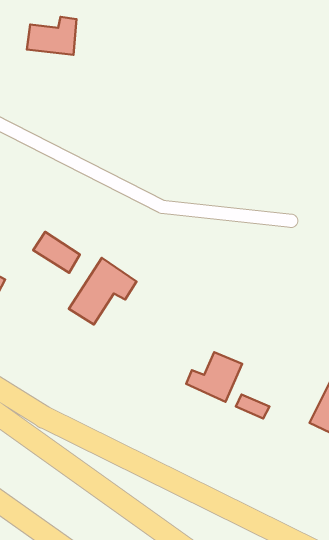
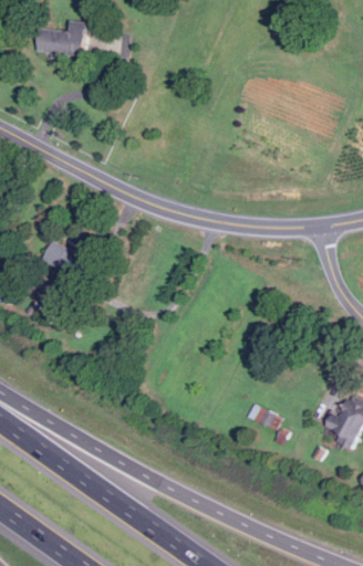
building: [69,258,137,325] -> none
building: [186,352,242,402] -> none

